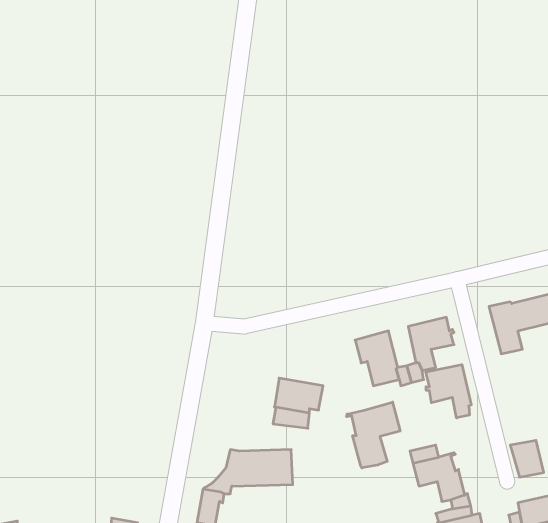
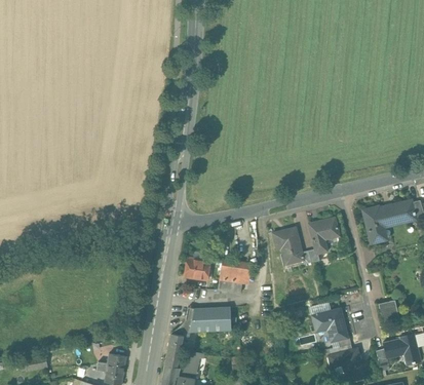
building: [426,365,471,418] -> none
building: none -> [184,257,210,280]
building: [347,402,400,468] -> none

